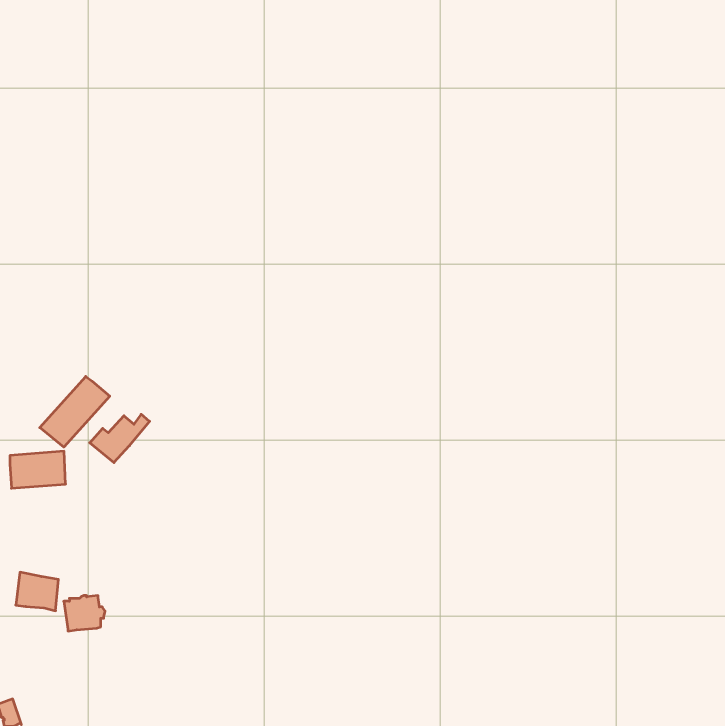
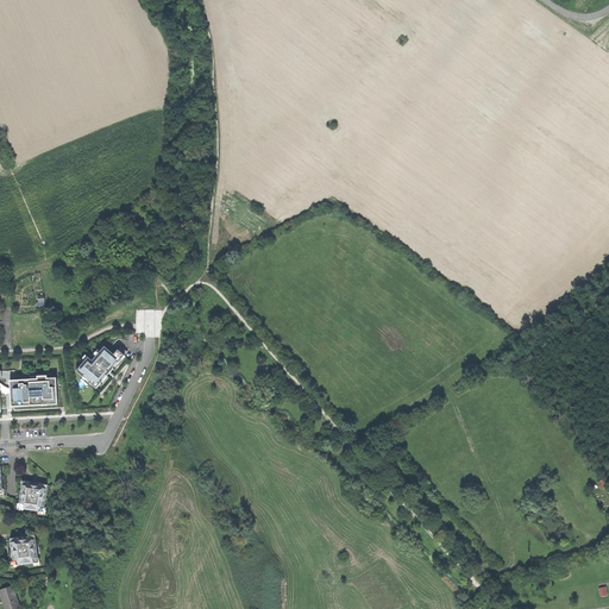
building: [40,376,110,447] -> none
building: [64,596,105,631] -> [5,534,39,564]

